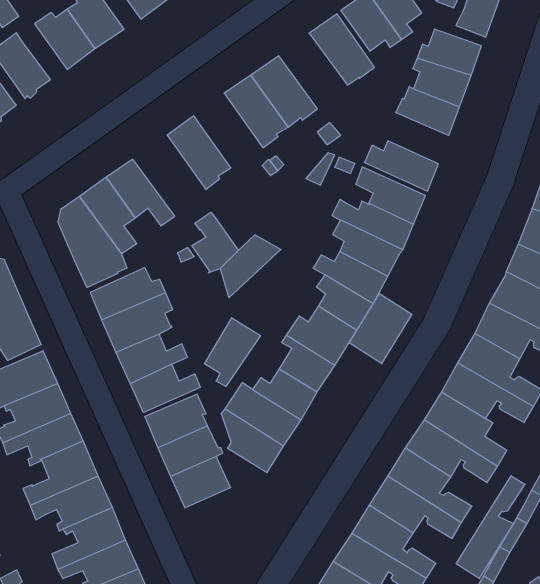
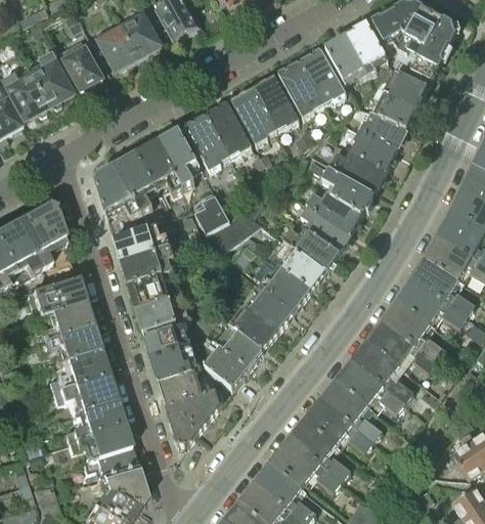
building: none -> [277,61,323,117]
building: none -> [206,101,252,156]
building: none -> [349,128,395,170]
building: none -> [157,129,196,187]
building: [349,293,412,364] -> none
building: [204,318,260,386] -> none
building: [456,476,525,579] -> none
building: none -> [167,391,218,443]

